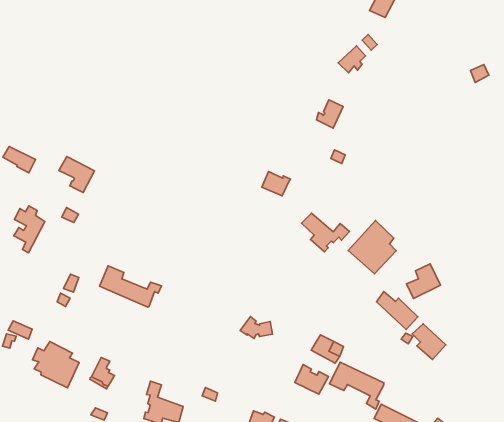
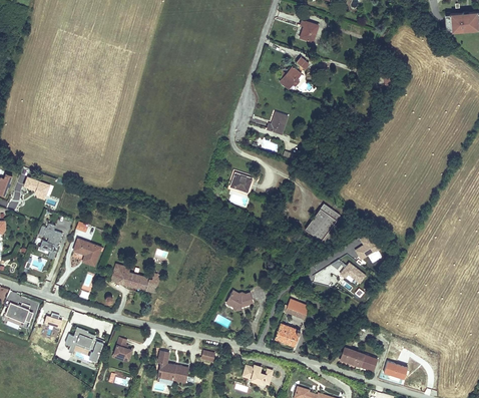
building: [59,156,94,192] -> [73,238,101,265]
building: [302,213,349,252] -> none
building: [412,324,446,359] -> none
building: [330,362,384,409] -> none

